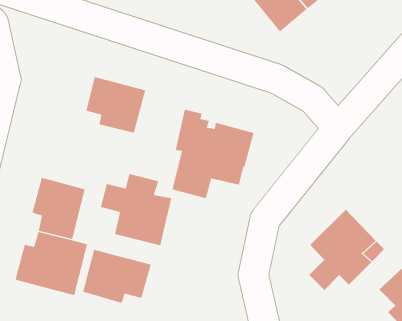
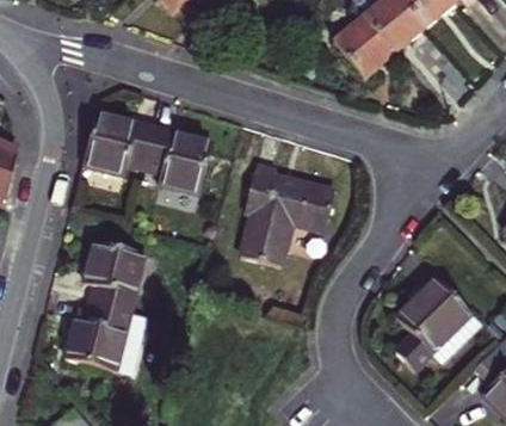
building: none -> [84,112,154,173]
building: [100,173,172,246] -> none
building: [82,249,152,304] -> none

